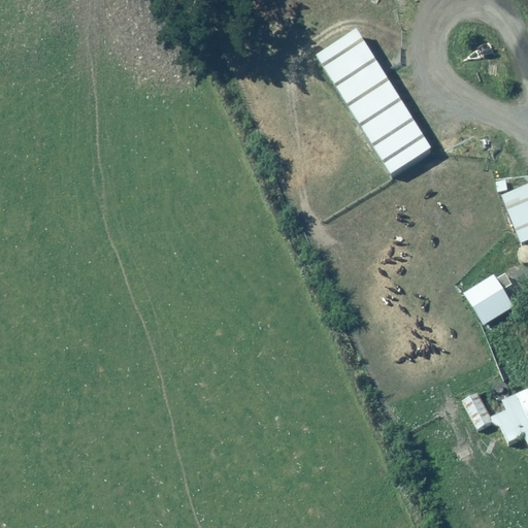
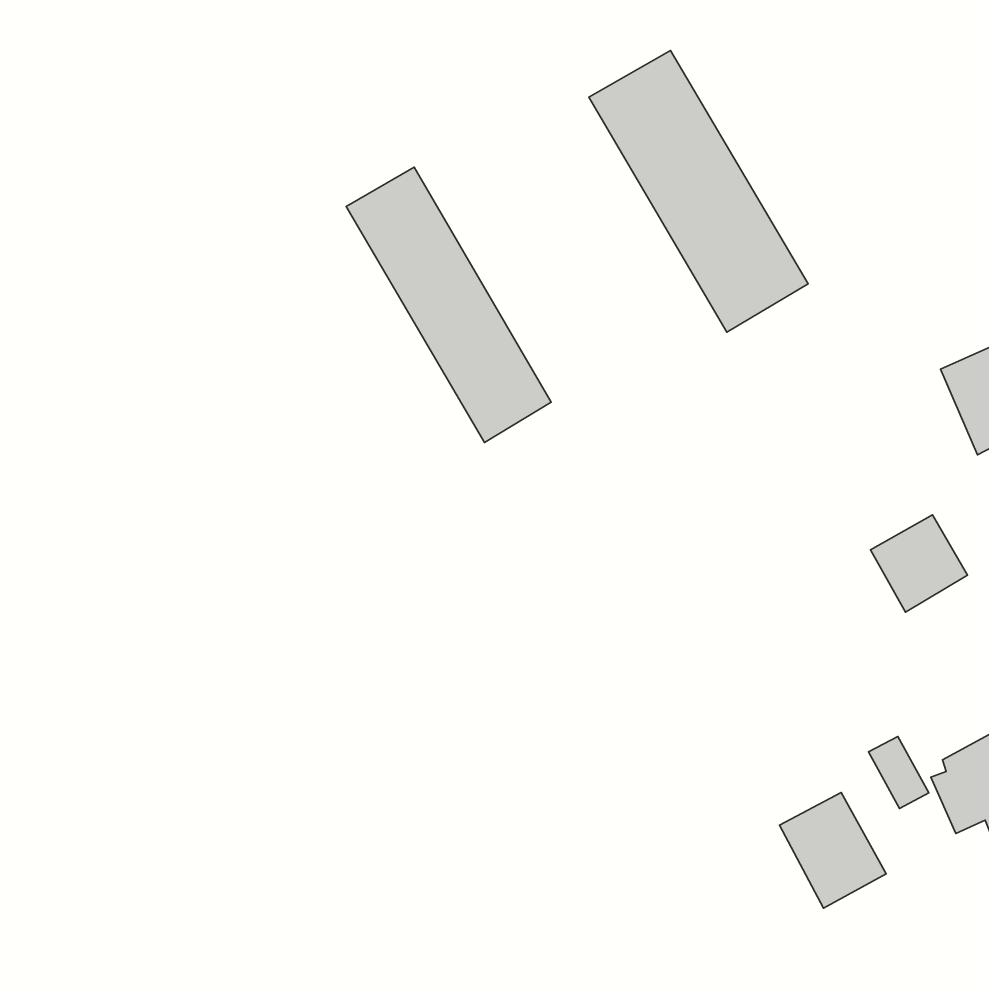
building: none -> [346,167,551,443]
building: none -> [780,793,886,908]

